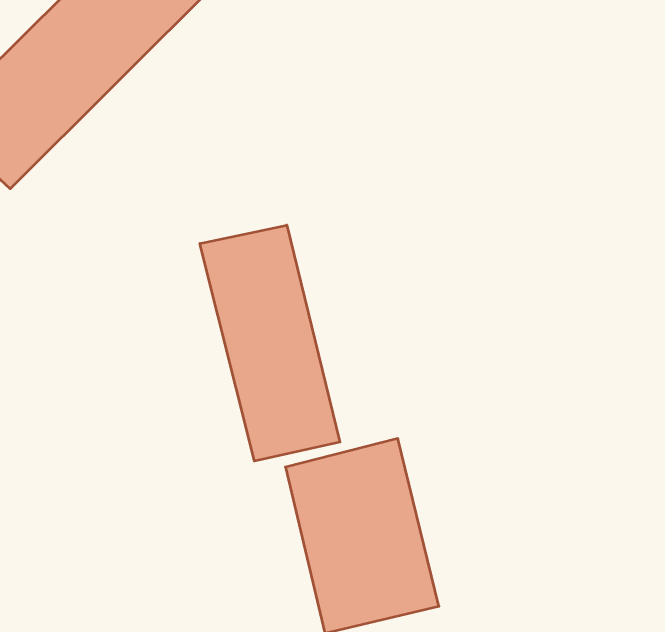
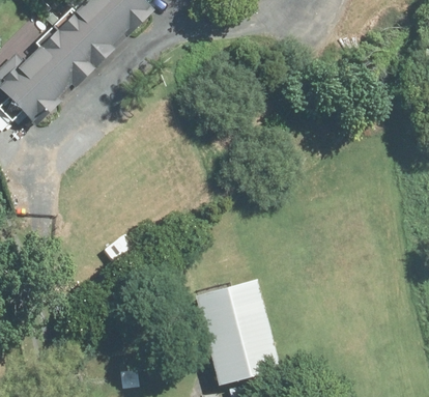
building: [200,225,340,461] -> none

